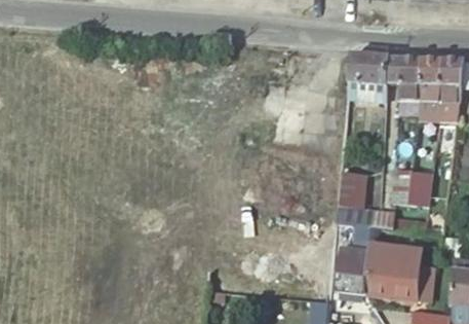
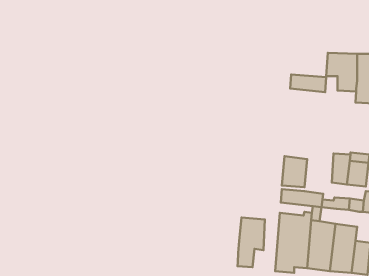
building: [349,56,389,85] -> none
building: none -> [237,218,265,267]

